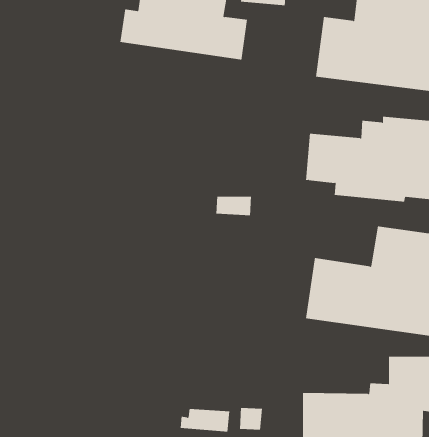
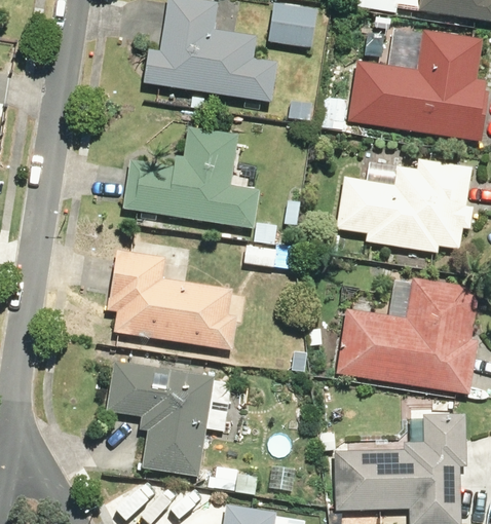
building: none -> [120,126,258,226]
building: none -> [106,236,239,347]
building: none -> [105,363,230,475]

